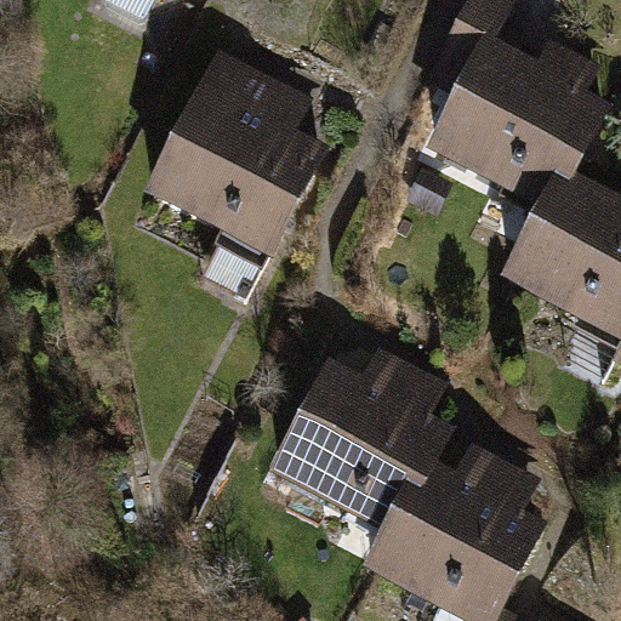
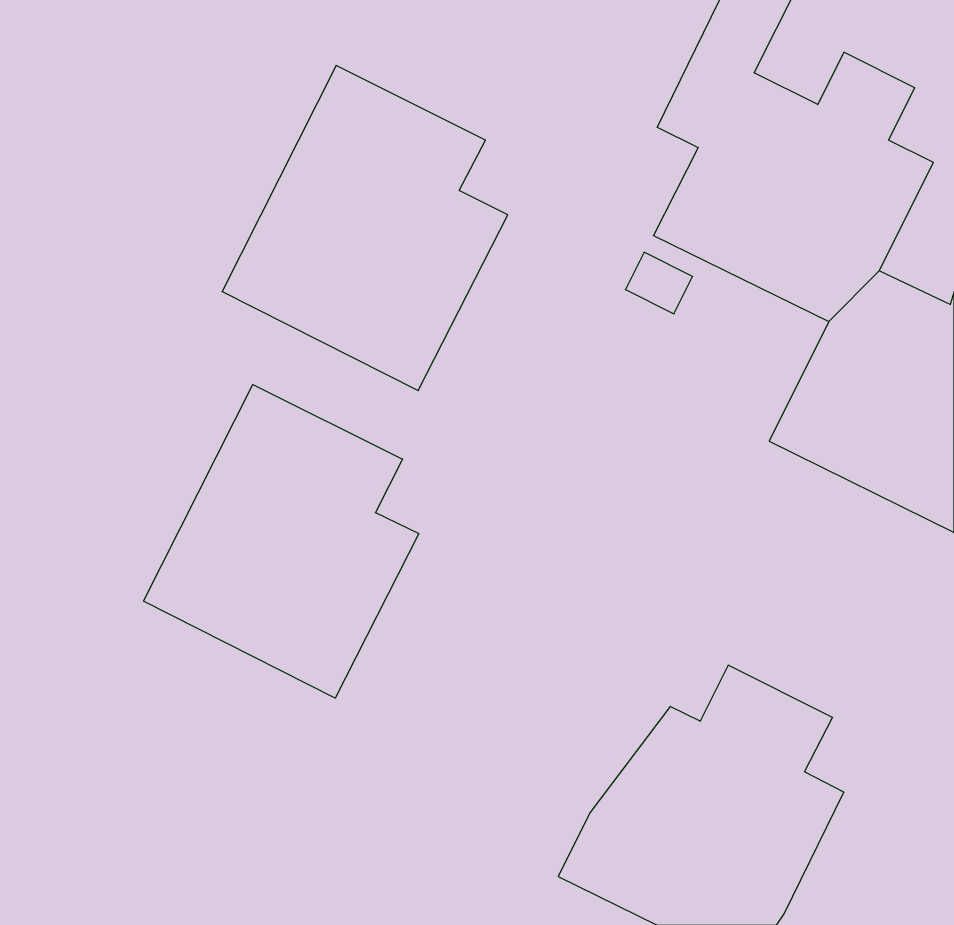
building: none -> [144,385,419,698]
building: [270,340,454,528] -> none

